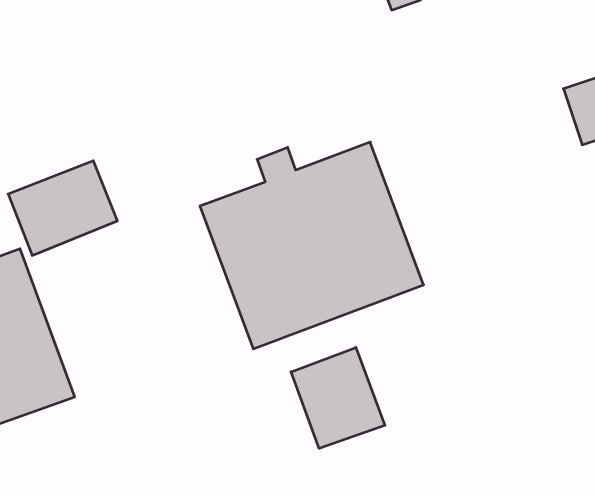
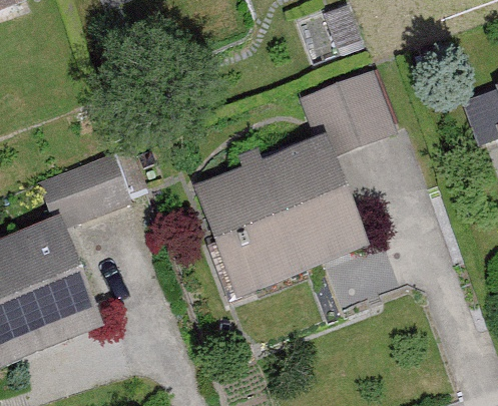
building: none -> [312,68,396,152]
building: [291,347,385,448] -> none

